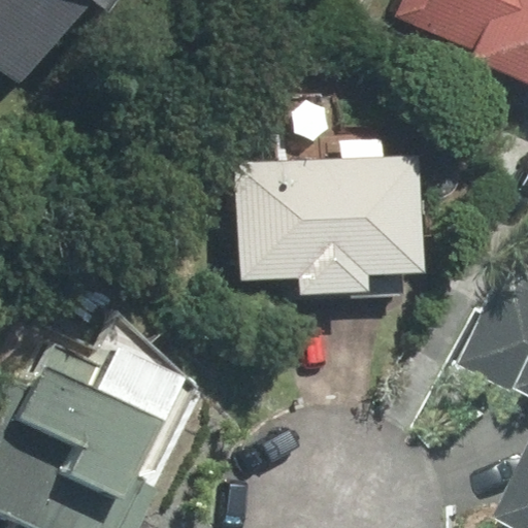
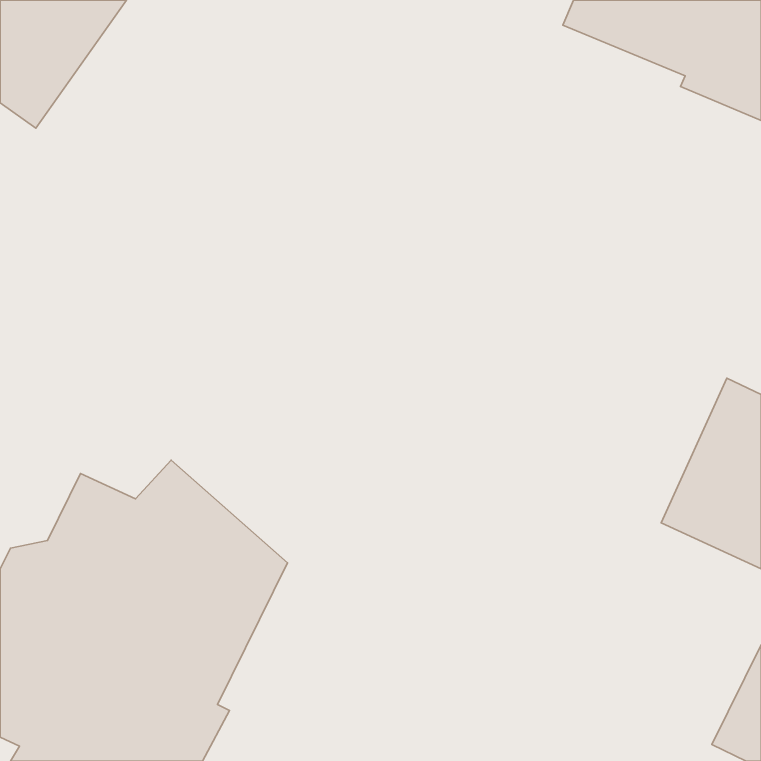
building: [239,156,424,295] -> none

